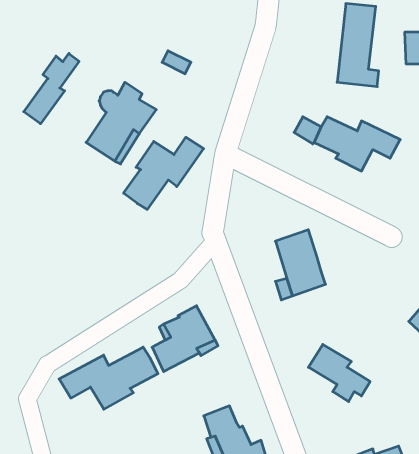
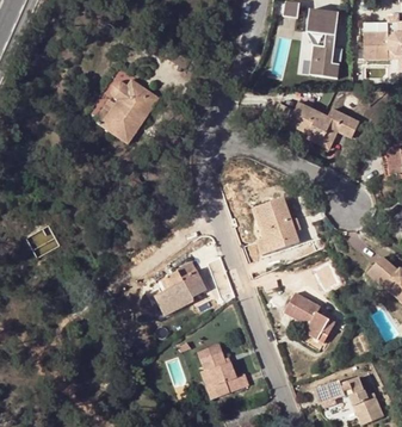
building: [24,53,79,124] -> none
building: [124,137,204,209] -> none
building: [59,347,158,409] -> none

